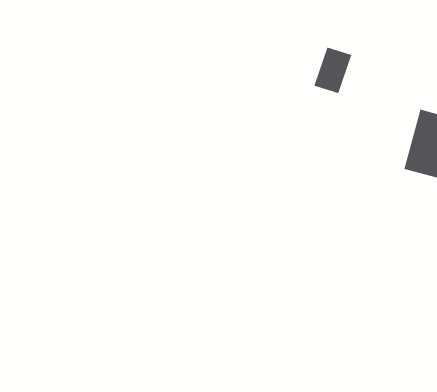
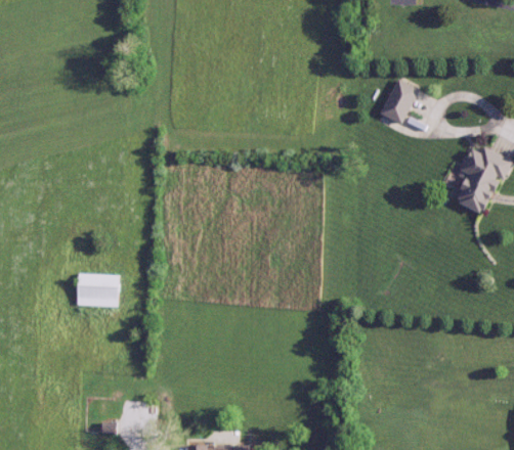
building: none -> [77,274,119,307]

